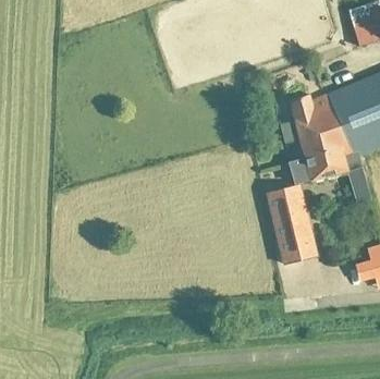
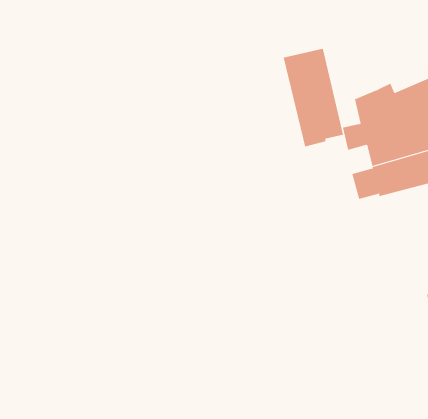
building: [268,183,317,262] -> [283,48,344,147]

